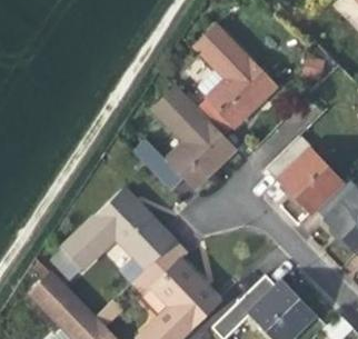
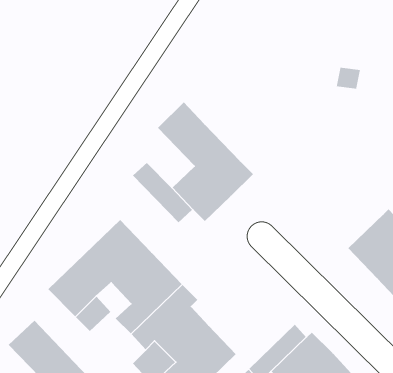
building: [195,26,276,137] -> none
building: [266,136,345,215] -> none

